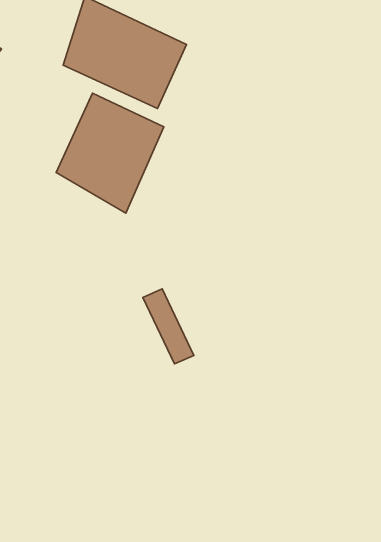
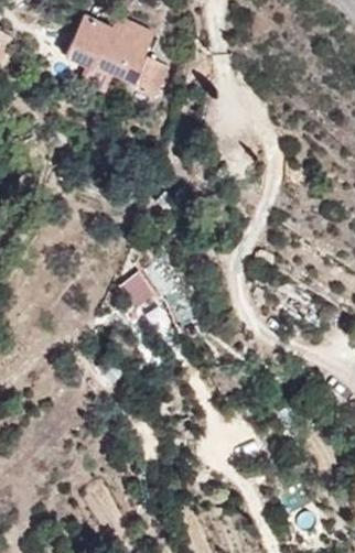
building: [56,93,164,213] -> none

